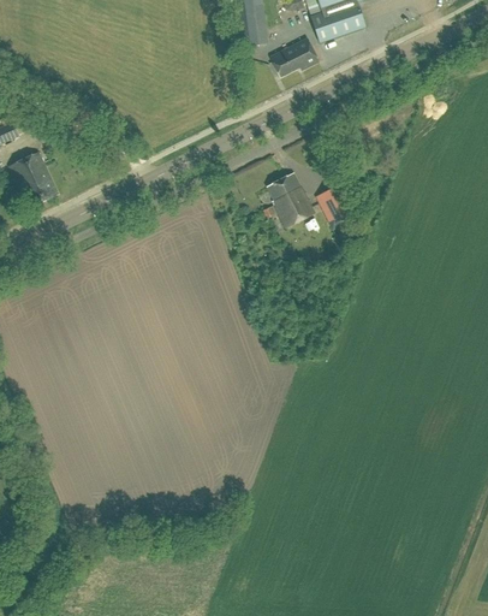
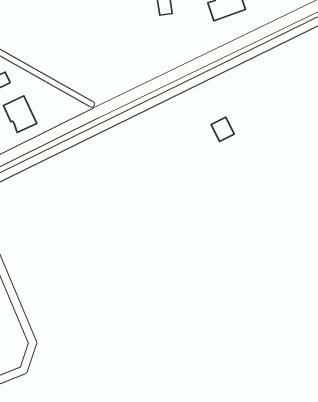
building: [269,38,317,76] -> none
building: [267,172,314,227] -> none

